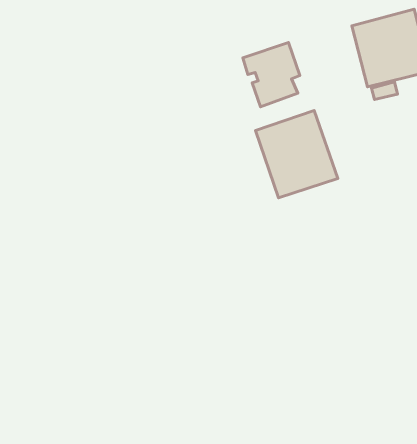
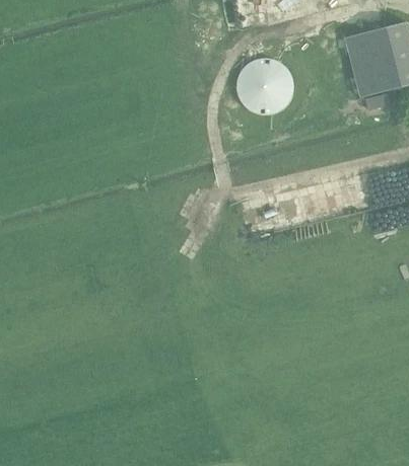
building: [256,110,338,198] -> none

